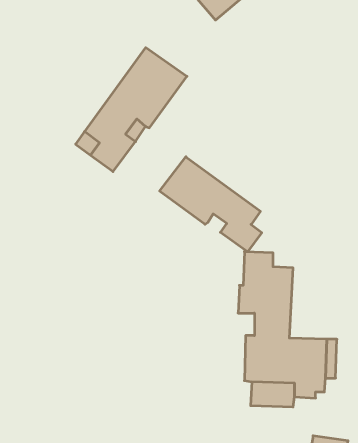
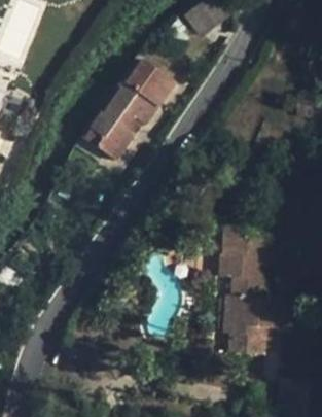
building: [160,157,262,252] -> none

